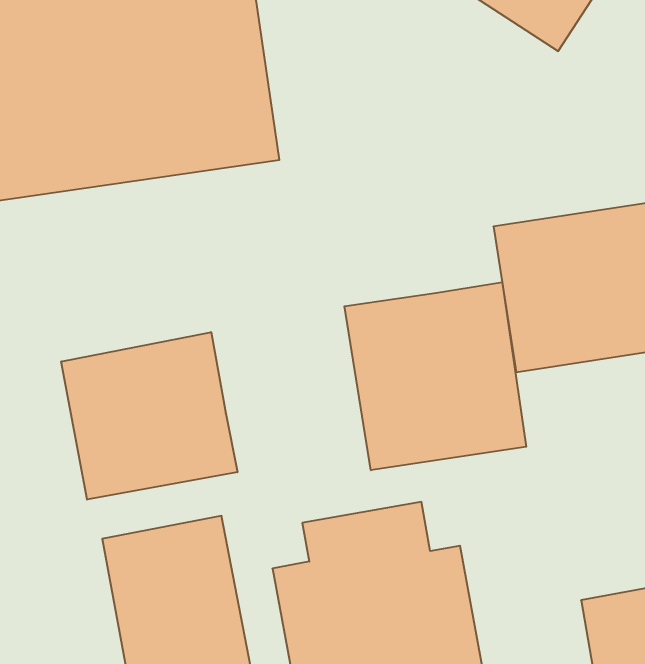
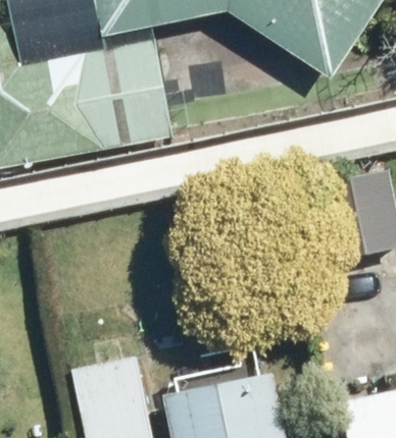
building: [344,282,526,470] -> none
building: [61,332,237,500] -> none

